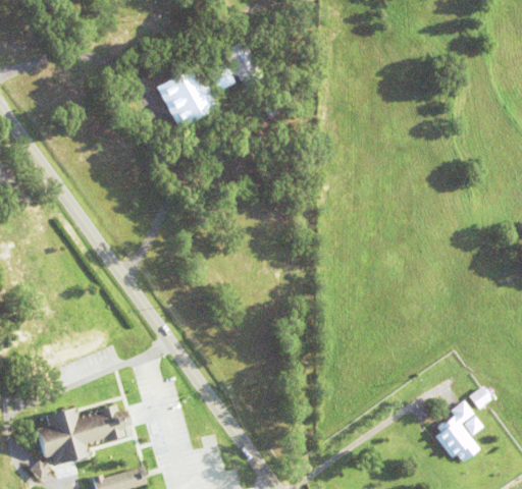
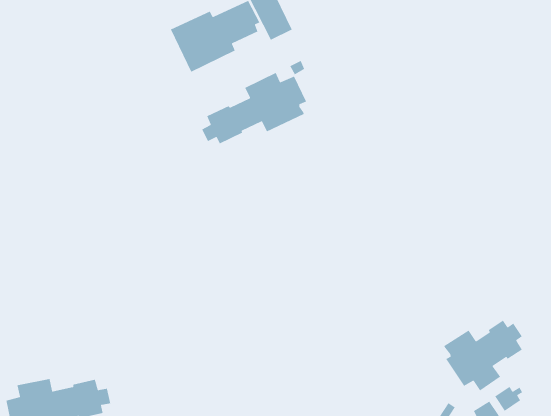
building: none -> [201,72,307,144]
building: none -> [443,320,523,391]

